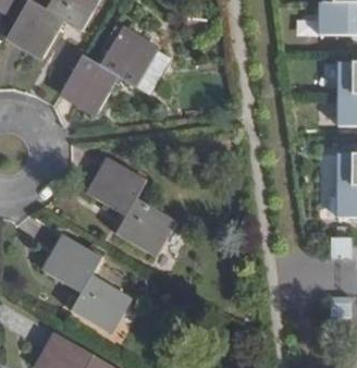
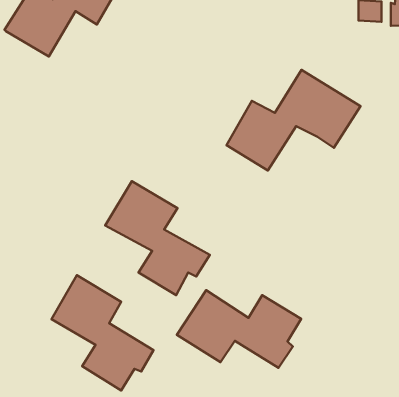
building: [61,30,170,112] -> [226,70,361,170]
building: none -> [177,290,301,368]

